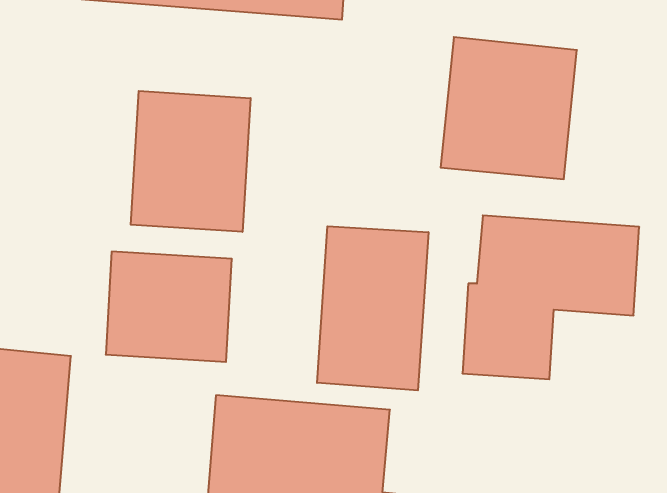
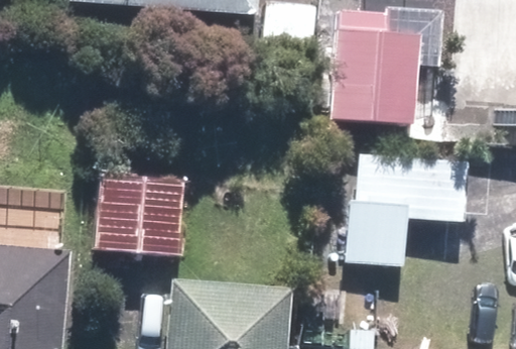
building: [131,91,251,232] -> none
building: [317,226,428,390] -> none

